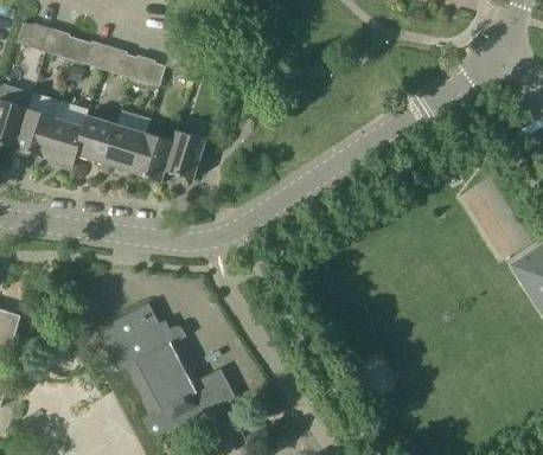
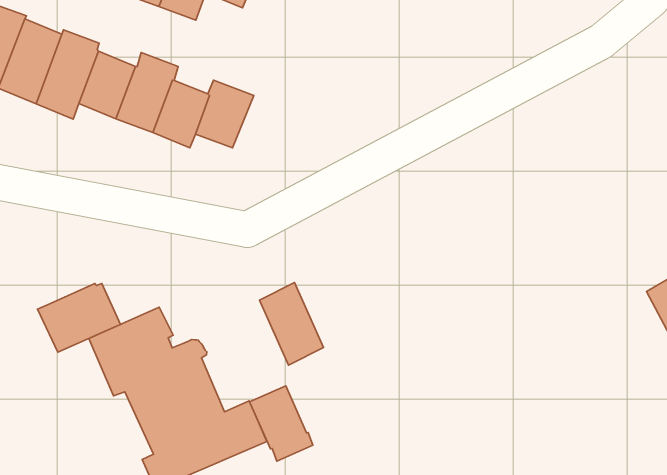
building: none -> [259,282,324,365]
building: none -> [37,283,120,352]
building: none -> [250,386,313,461]

